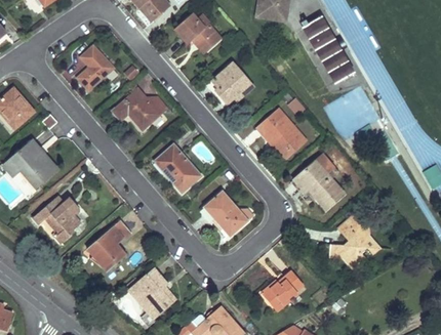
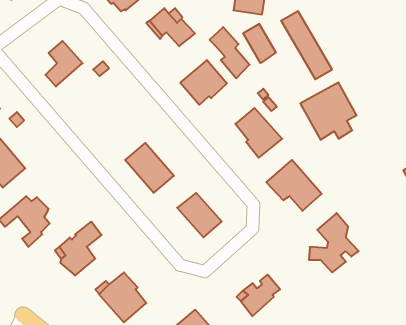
building: none -> [243,24,276,63]
building: none -> [210,27,250,78]
building: [113,89,160,129] -> none

